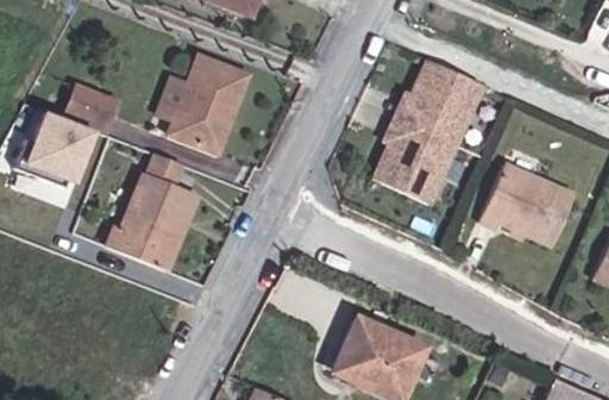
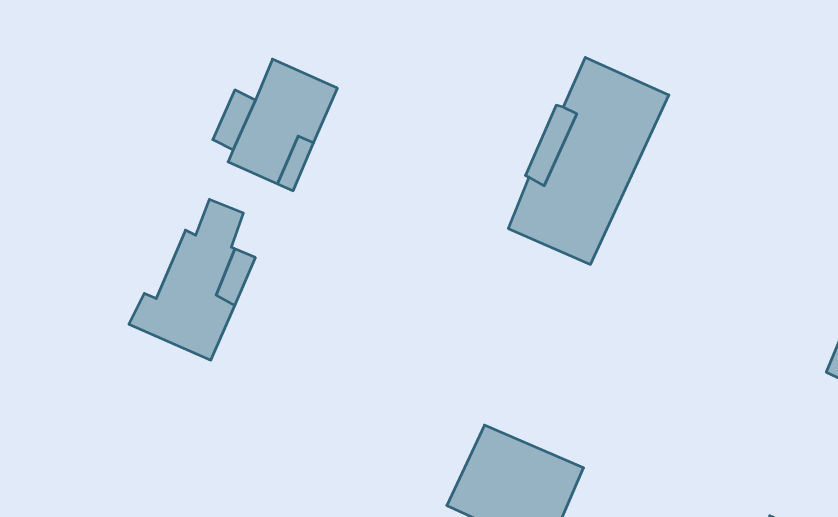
building: [29,80,123,185] -> none
building: [478,161,575,243] -> none

